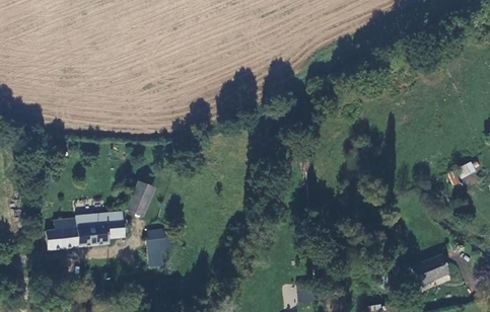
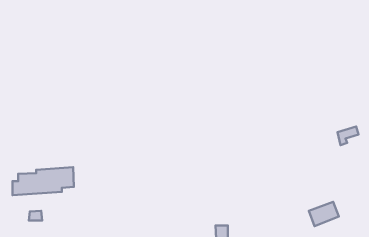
building: [127,182,153,217] -> none
building: [143,233,170,267] -> none

